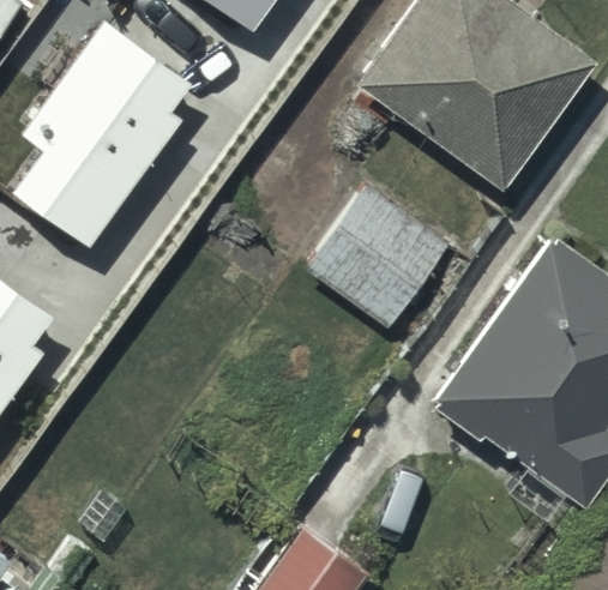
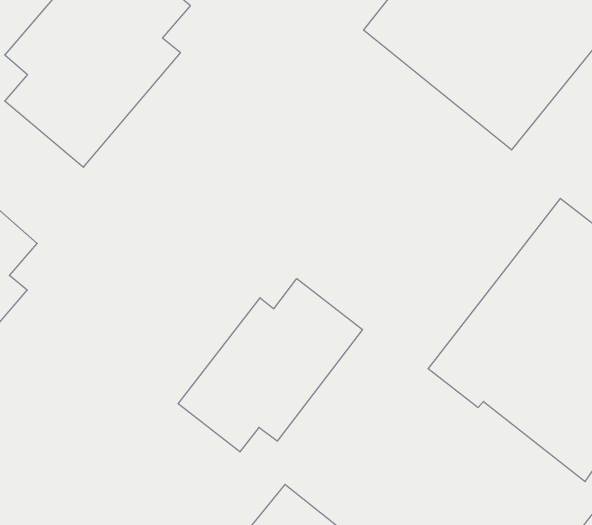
building: [307,186,452,331] -> none
building: none -> [178,279,363,452]

